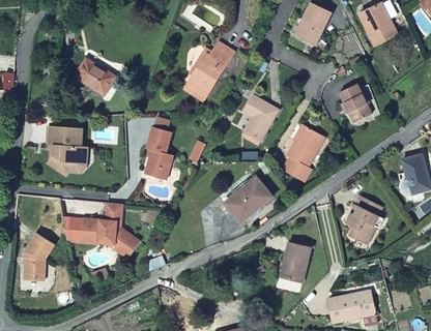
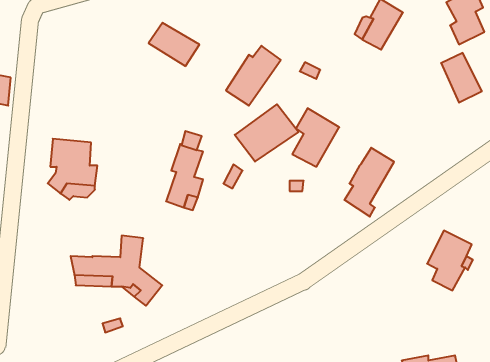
building: [73,58,114,93] -> [149,23,199,66]
building: [339,84,372,124] -> [441,53,482,103]
building: [217,171,268,217] -> [235,104,298,162]
building: [16,227,49,275] -> none
building: [284,245,312,285] -> none

